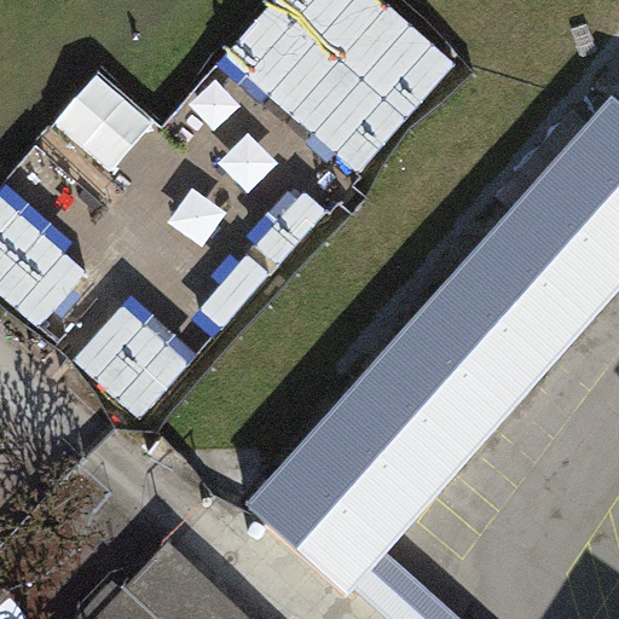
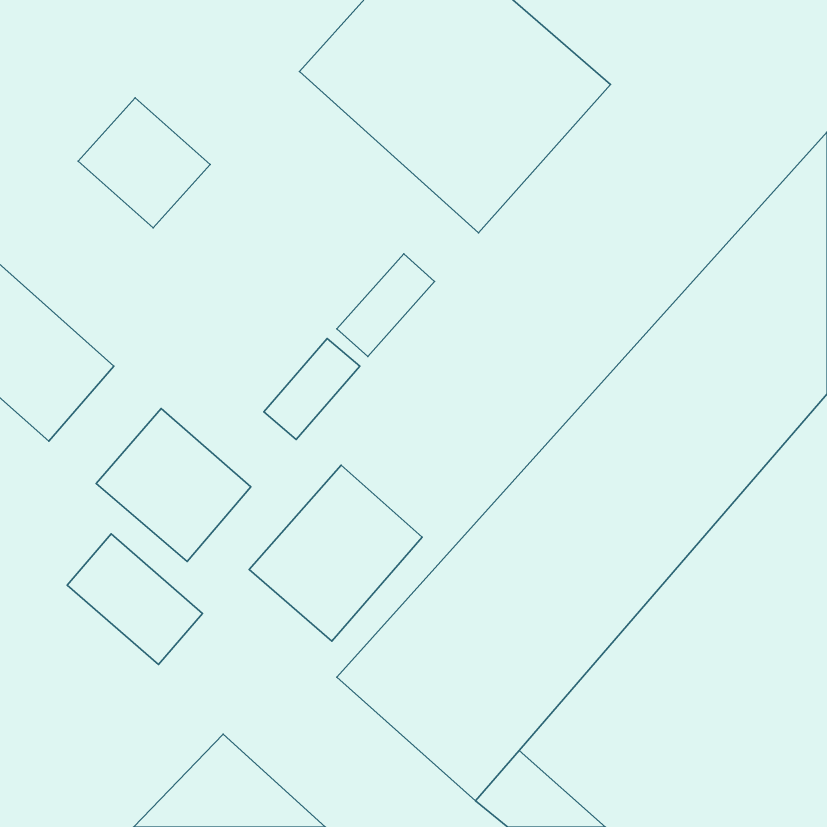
building: none -> [249,465,422,641]
building: none -> [67,534,202,665]

